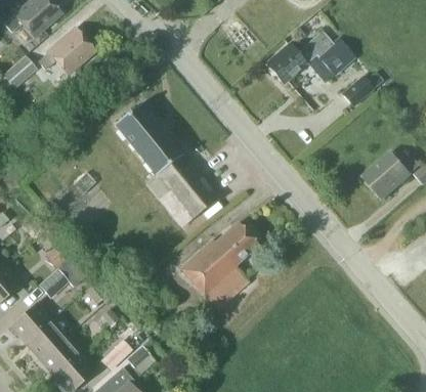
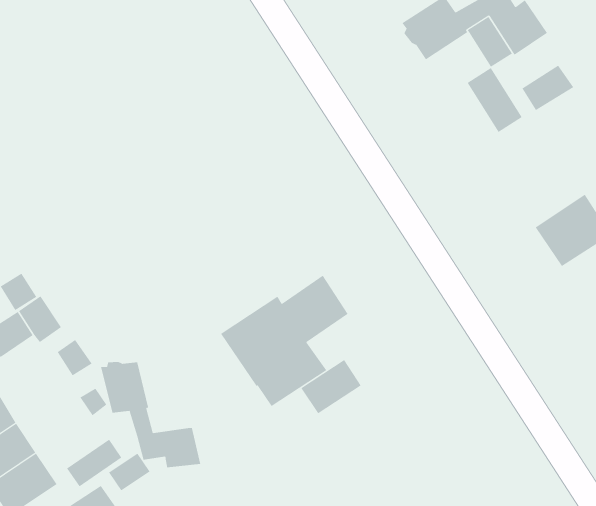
building: none -> [467,67,523,133]
building: [115,103,218,226] -> none
building: none -> [301,359,362,414]
building: none -> [101,361,201,468]

